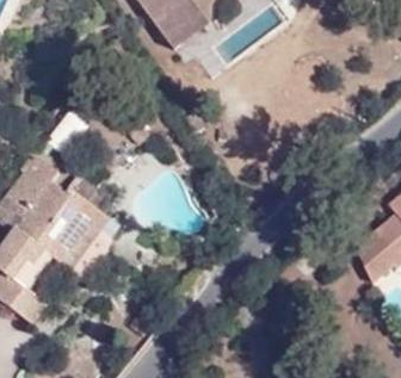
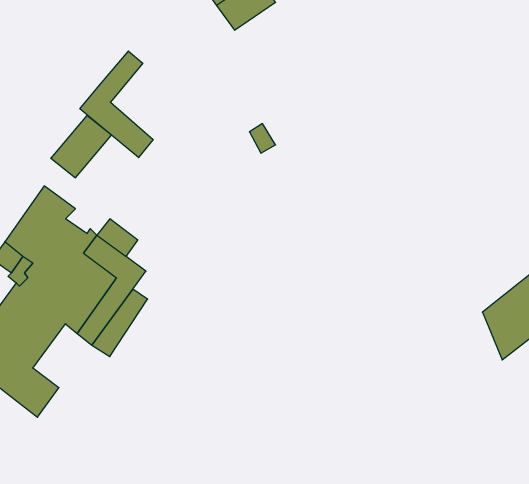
building: none -> [80,51,153,158]

